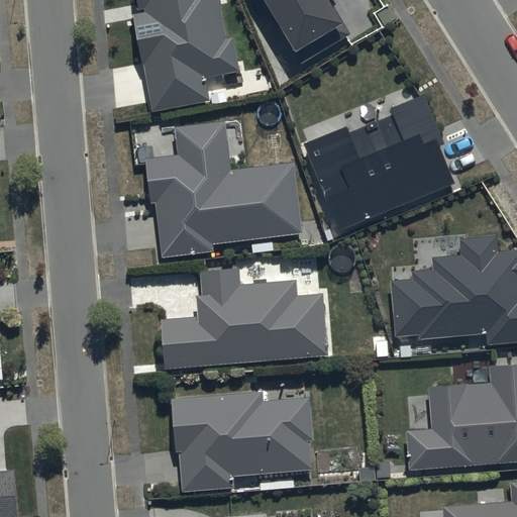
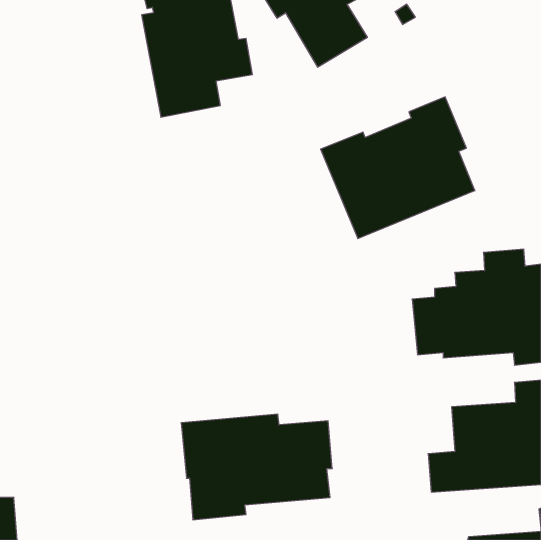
building: [144,123,302,258] -> none
building: [161,267,326,368] -> none

